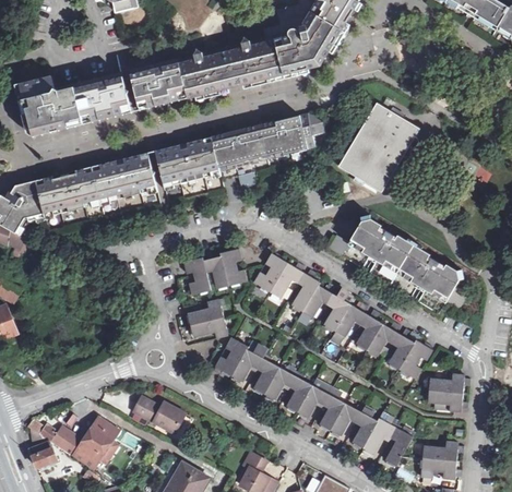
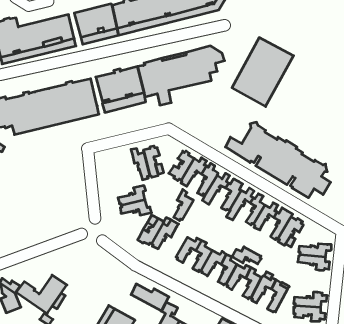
building: [183,255,211,295] -> none
building: [252,352,278,394] -> [174,189,193,221]
building: none -> [232,247,261,264]
building: [135,396,186,432] -> [131,284,169,311]

